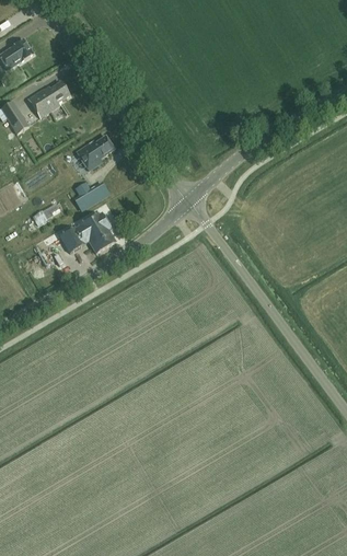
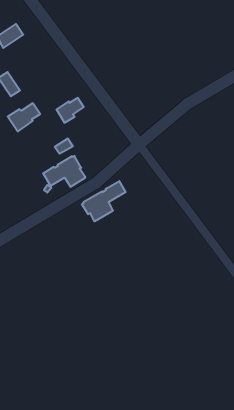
building: [27,80,70,117] -> [8,103,40,131]
building: none -> [82,181,126,221]

